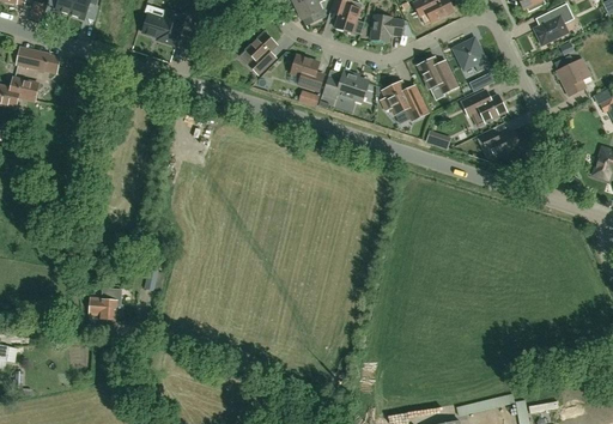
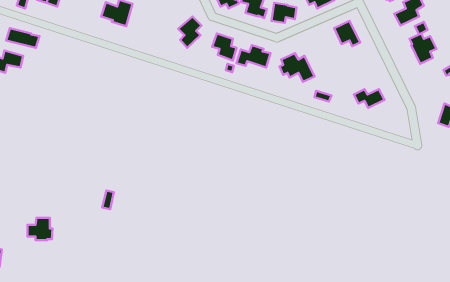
building: [417,57,456,93] -> none
building: [460,90,504,121] -> none
building: [89,290,122,320] -> [27,218,53,240]

